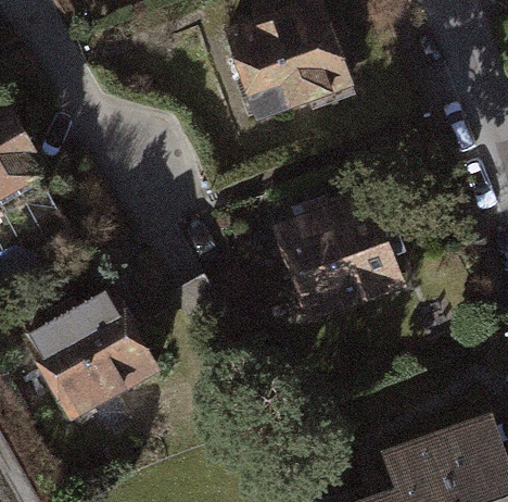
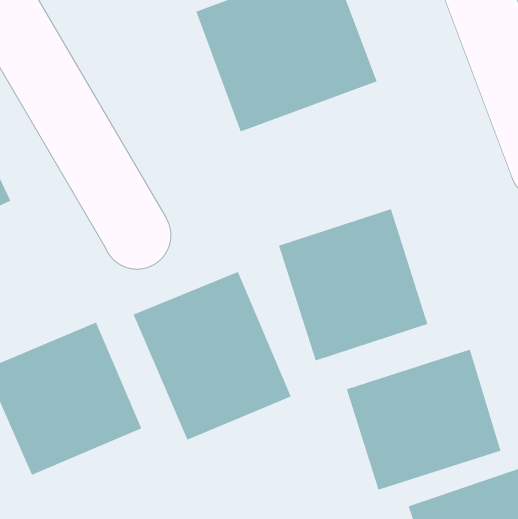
building: none -> [133,271,291,441]
building: none -> [346,349,501,490]

